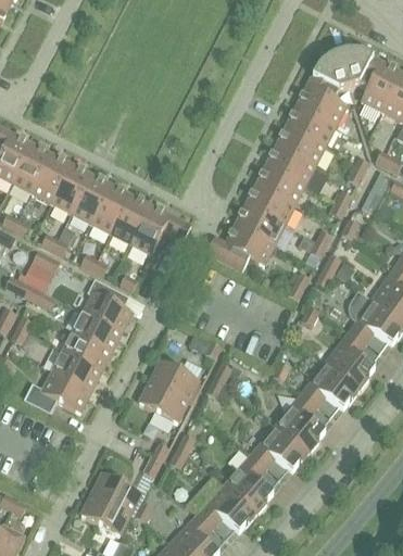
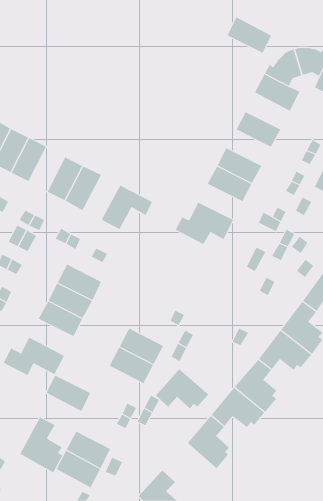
building: [286,105,335,146] -> [227,16,272,53]
building: [265,146,314,185] -> none
building: [51,164,90,213] -> none
building: [110,194,150,243] -> none
building: [235,204,284,243] -> none
building: [51,351,100,391] -> [46,375,91,412]
building: none -> [20,416,63,473]
building: [197,485,255,530] -> [155,368,209,410]

